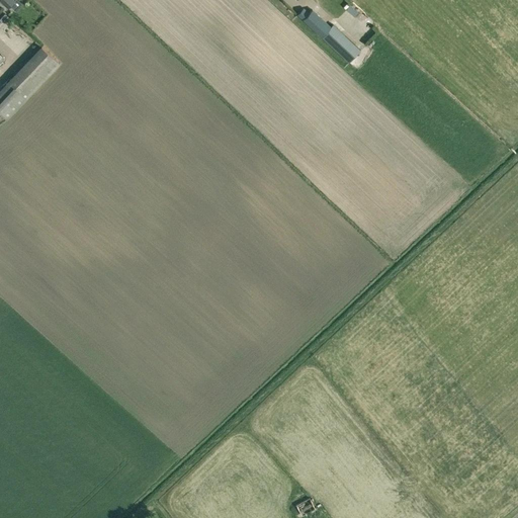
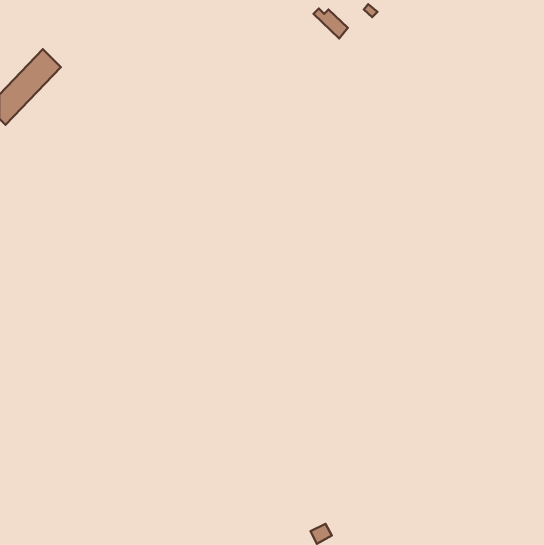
building: [322,24,360,63] -> none

